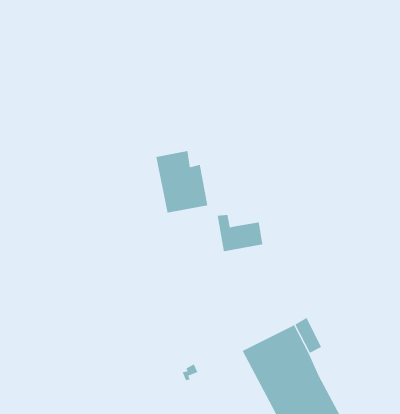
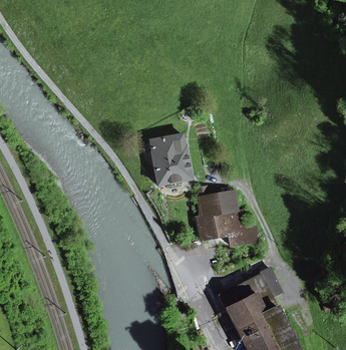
building: none -> [197,209,257,246]

